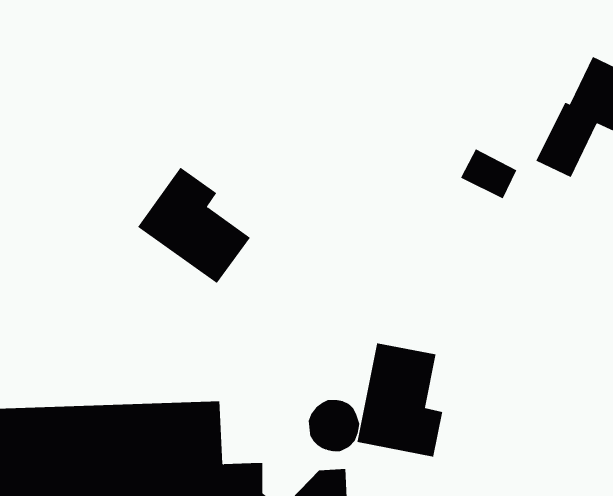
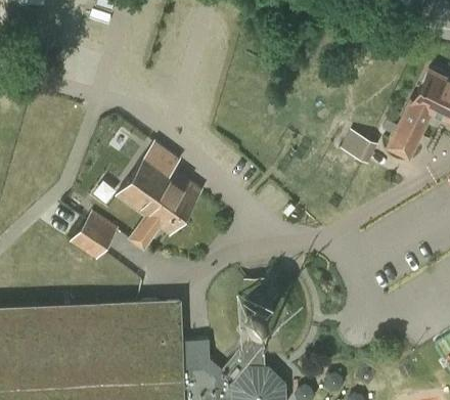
building: none -> [117,185,180,253]
building: none -> [72,214,121,264]
building: [357,343,443,457] -> none

